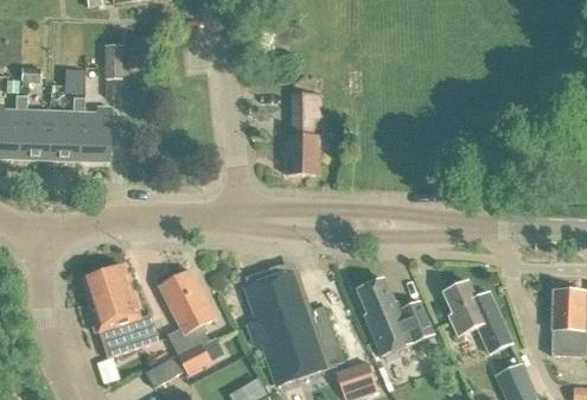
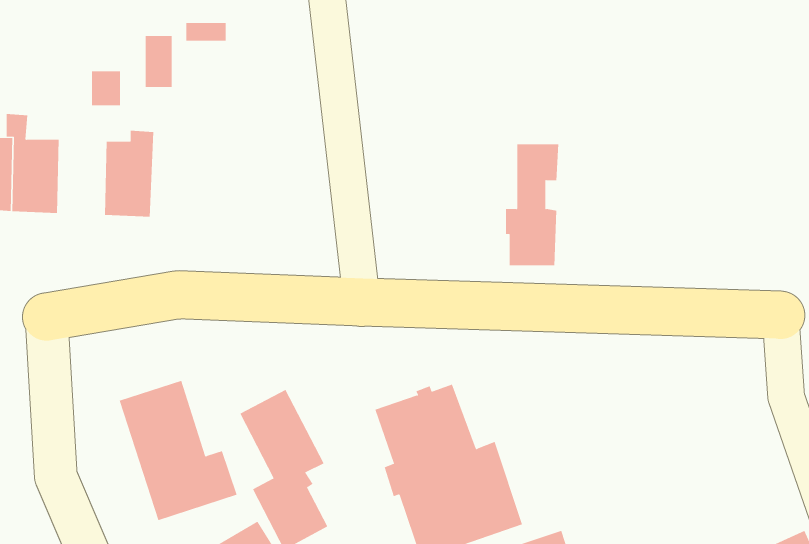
building: [286,94,320,172] -> [505,144,559,266]
building: [46,97,83,160] -> none
building: [362,277,435,353] -> none
building: [447,280,513,351] -> none

